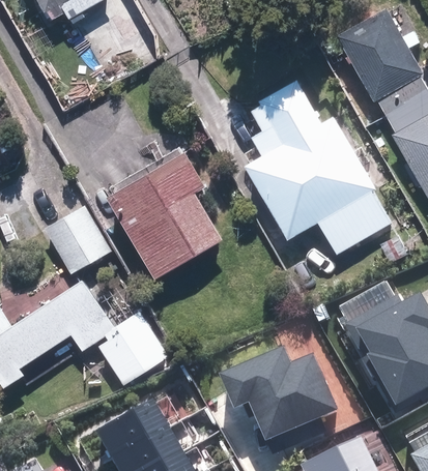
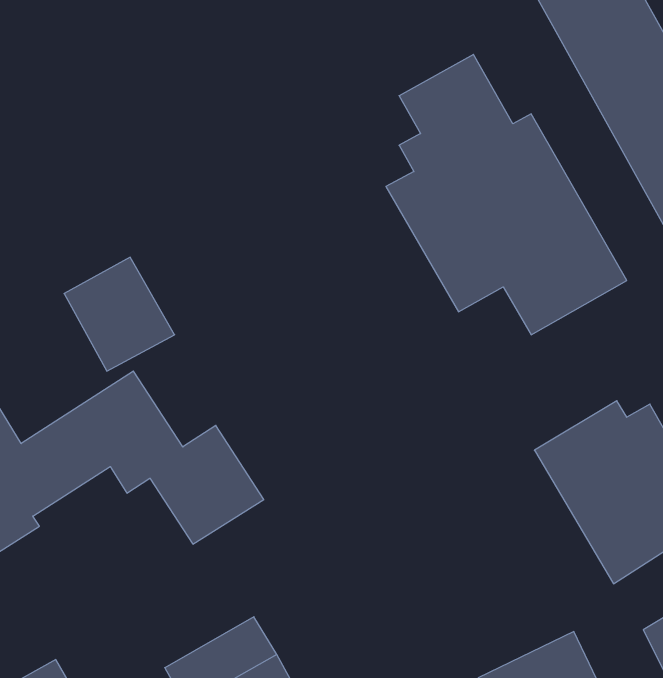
building: [110,148,228,277] -> none
building: [215,349,331,442] -> none
building: [89,402,162,462] -> none

